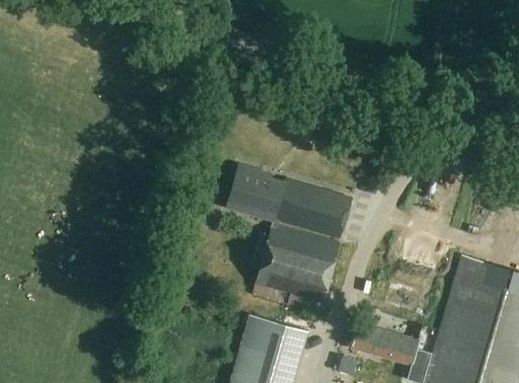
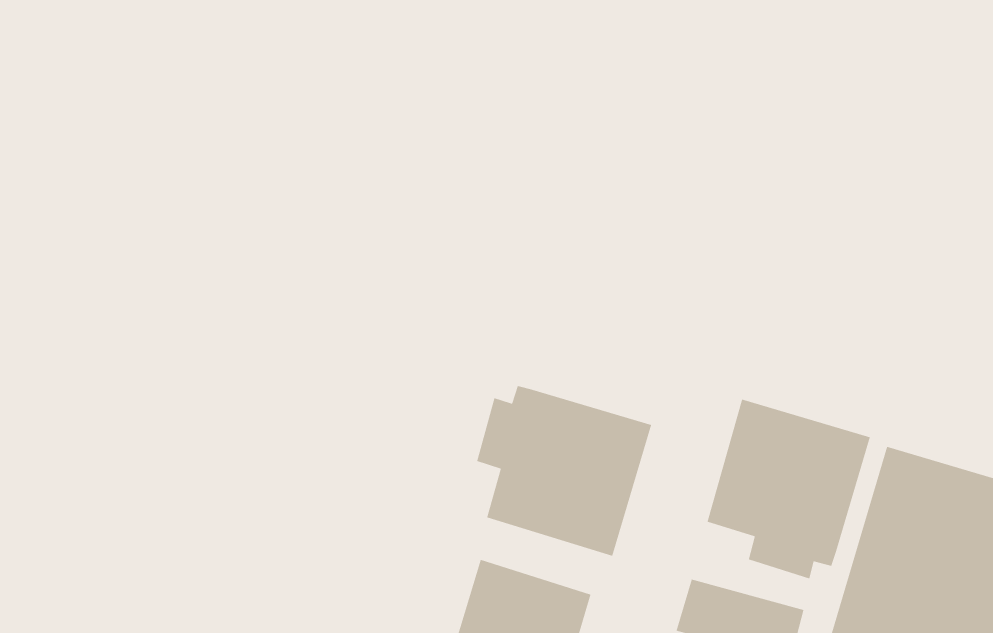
building: [227,164,351,238] -> none
building: none -> [707,399,871,580]

